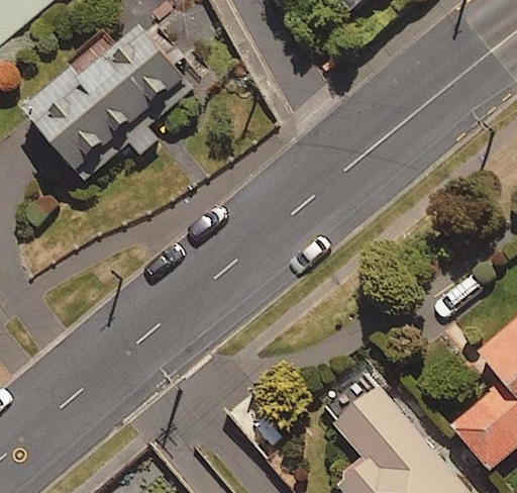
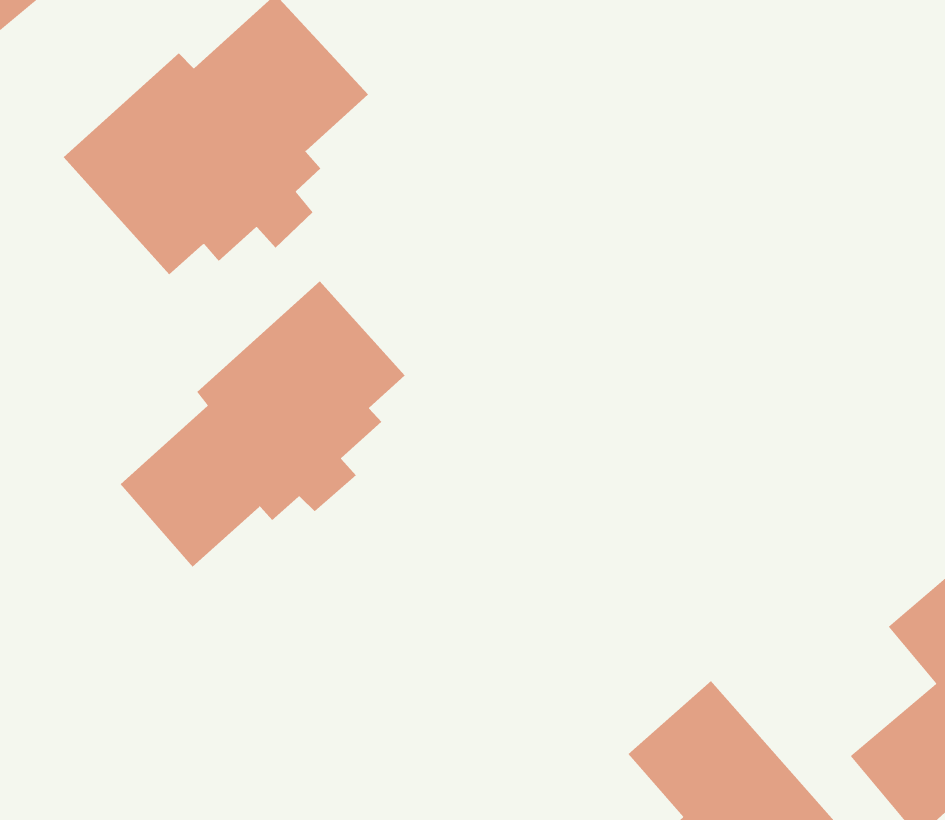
building: none -> [120,280,406,568]

